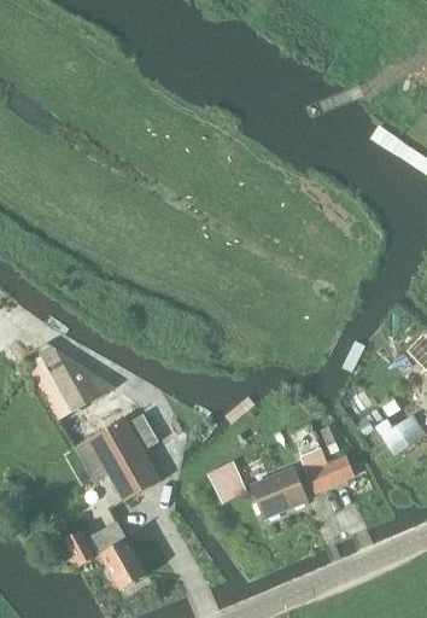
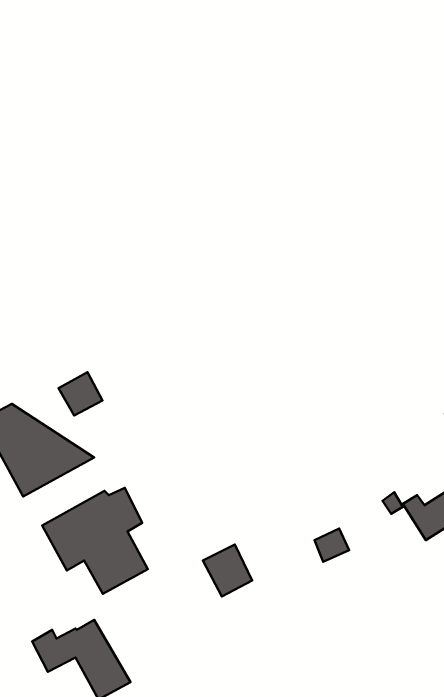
building: none -> [59,372,102,416]
building: [308,455,355,490] -> none
building: [252,467,308,515] -> none

